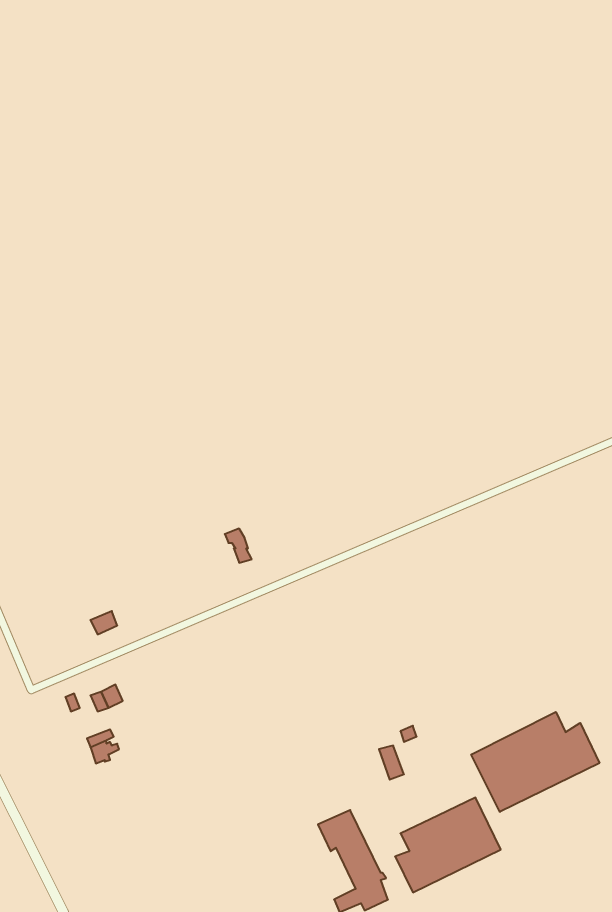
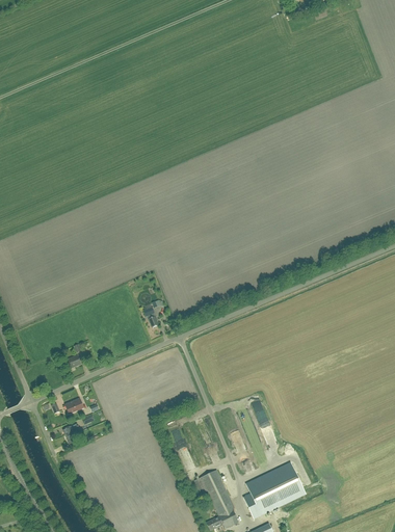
building: [471,712,599,812] -> none

